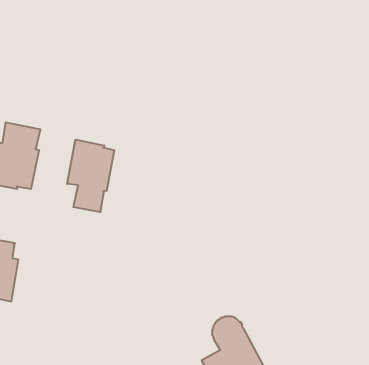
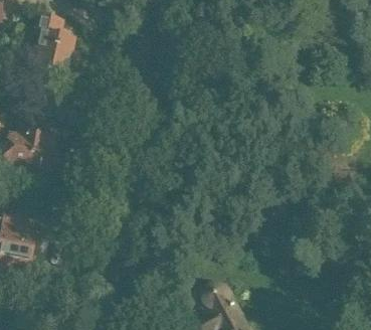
building: none -> [32,16,71,71]
building: [67,140,114,212] -> none

